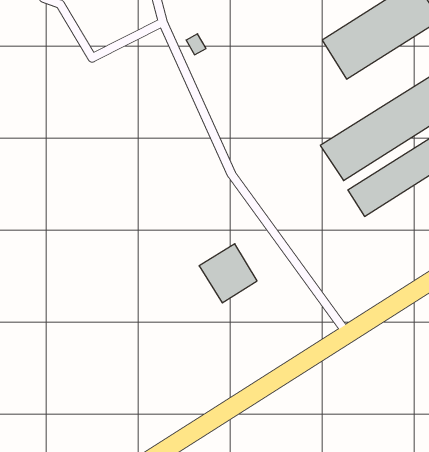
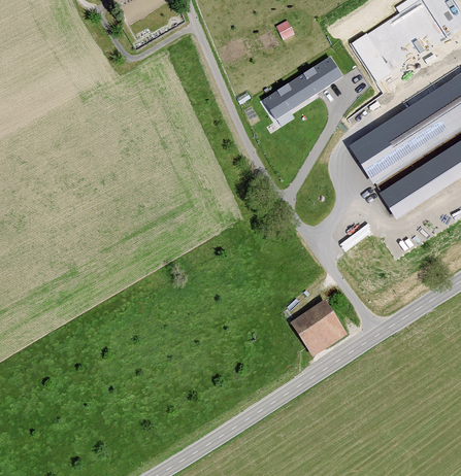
building: none -> [263,50,344,117]
building: [199,244,257,303] -> [286,300,342,358]

